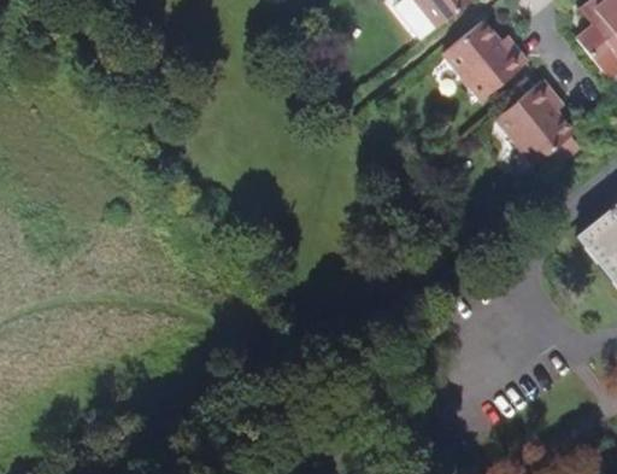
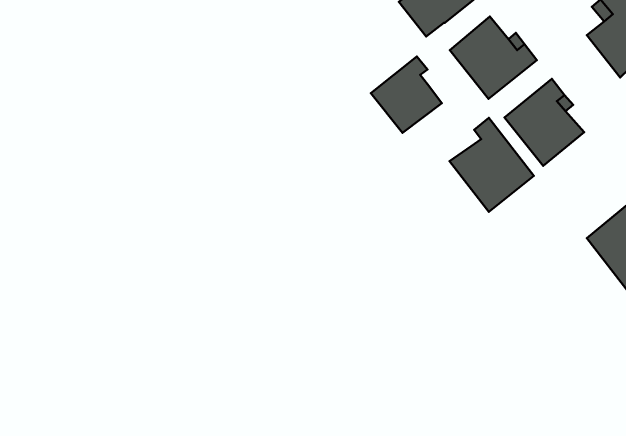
building: none -> [371,56,442,133]
building: none -> [450,118,534,212]

